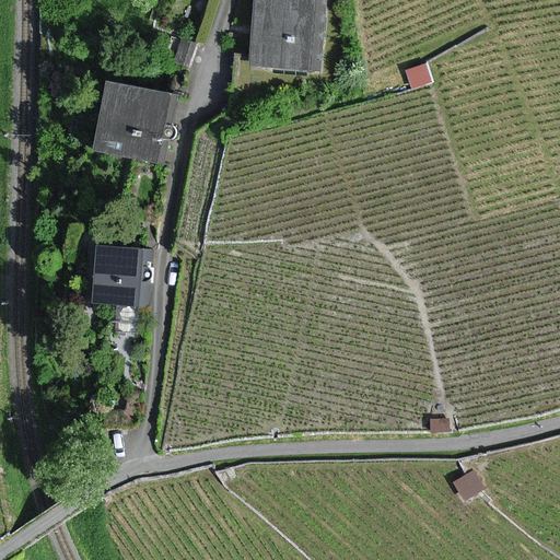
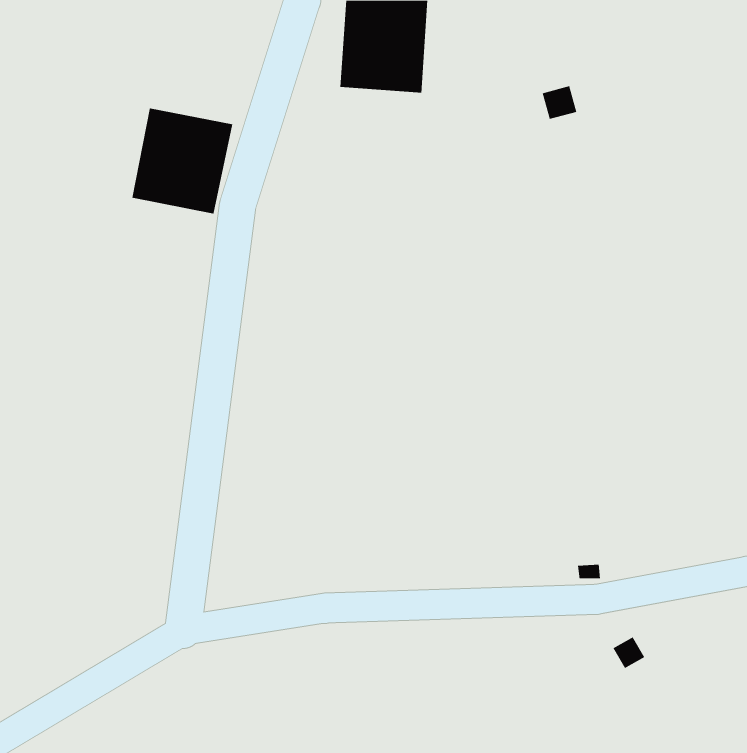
building: [93,247,145,305] -> none

